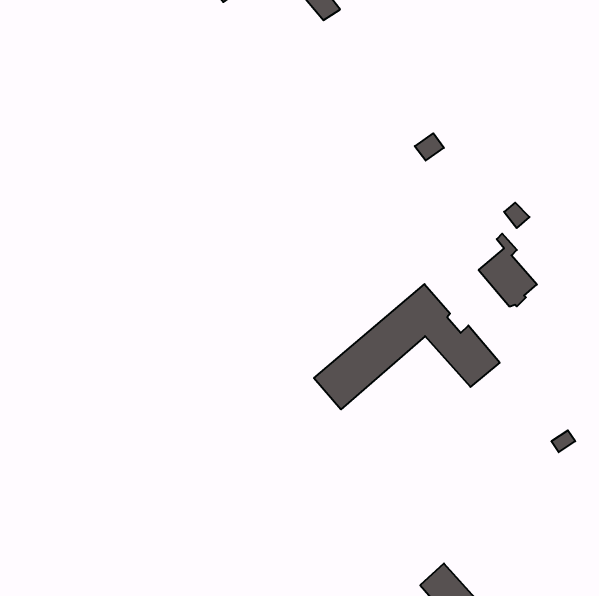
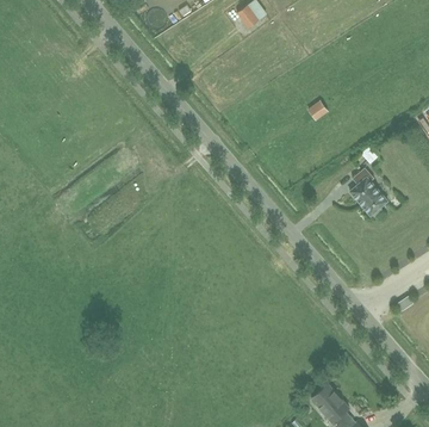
building: [314,284,500,409] -> none

